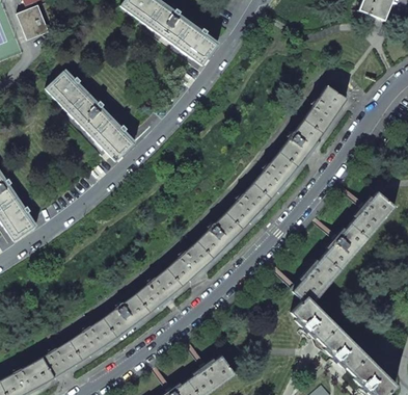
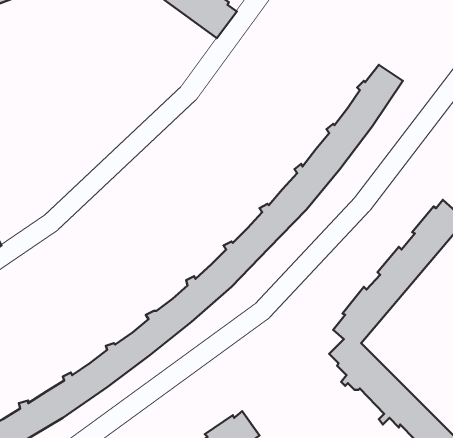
building: [46,70,134,160] -> none

